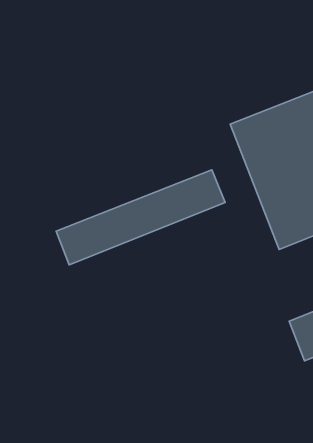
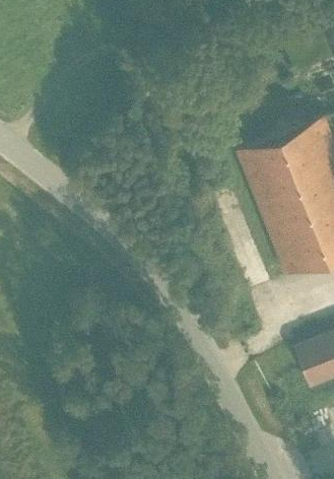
building: [56,170,225,265] -> none

